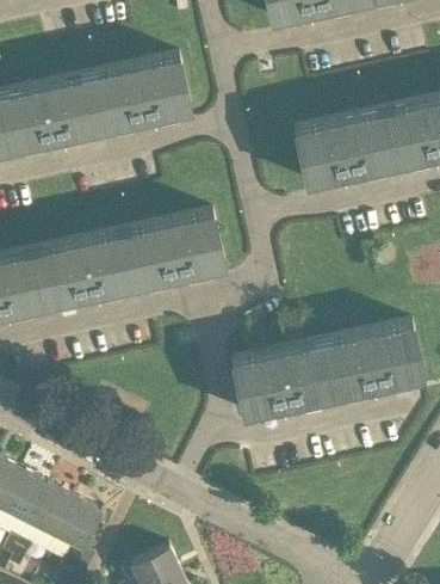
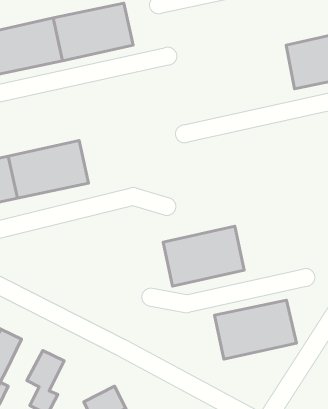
building: [291,109,396,185] -> none
building: [120,211,223,285] -> none
building: [320,321,424,396] -> [215,300,297,359]
building: [27,485,74,537] -> none

